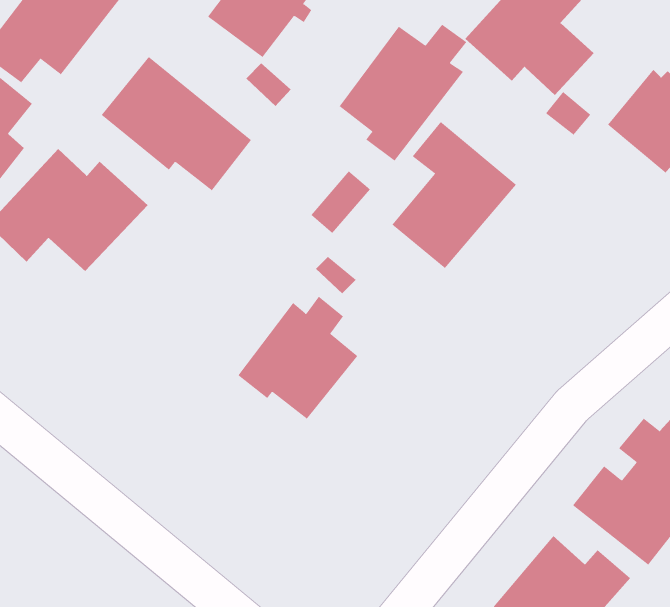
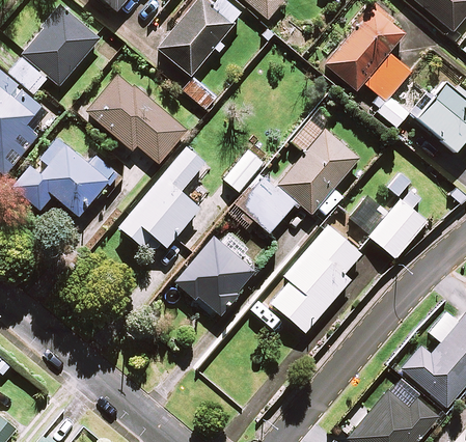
building: [339,24,467,161] -> none
building: none -> [120,147,204,254]
building: none -> [243,178,295,230]
building: none -> [350,189,426,256]
building: none -> [270,214,361,332]

